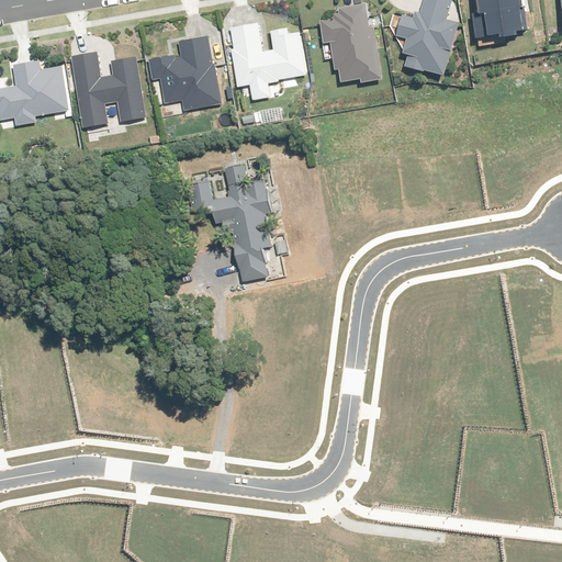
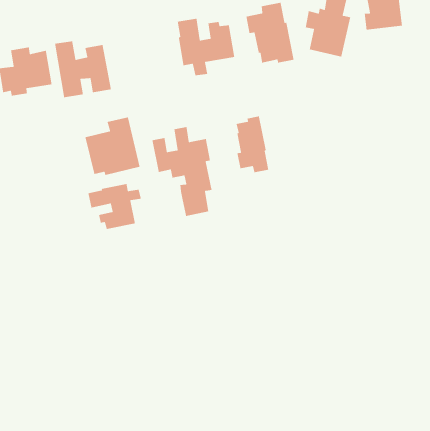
building: [148,35,221,112] -> [84,116,140,176]
building: none -> [236,115,269,173]
building: none -> [87,183,142,230]

